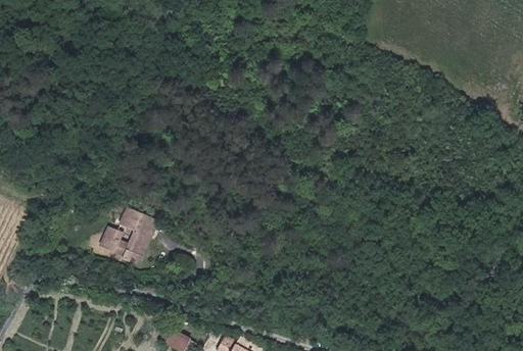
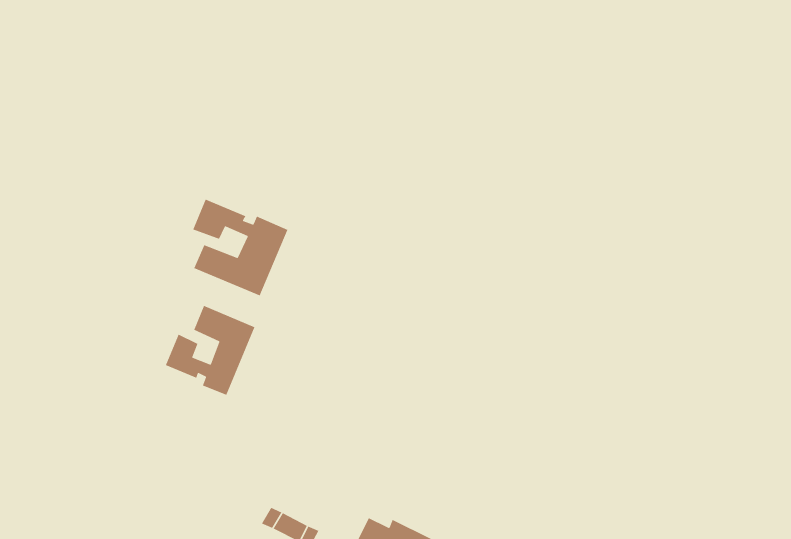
building: none -> [192,199,289,297]

